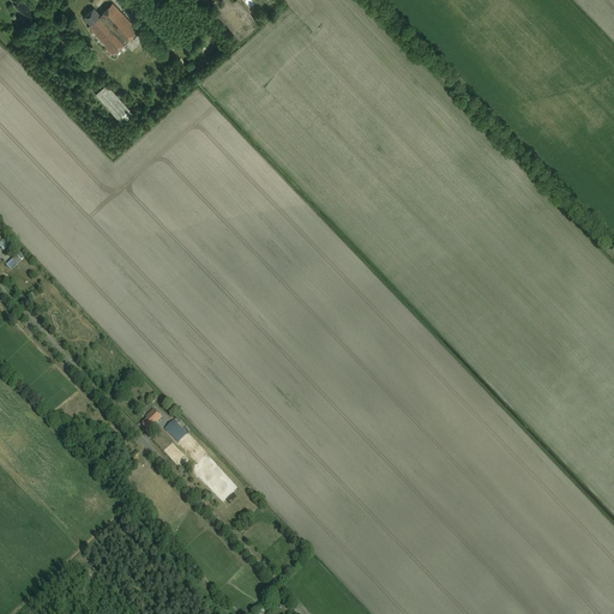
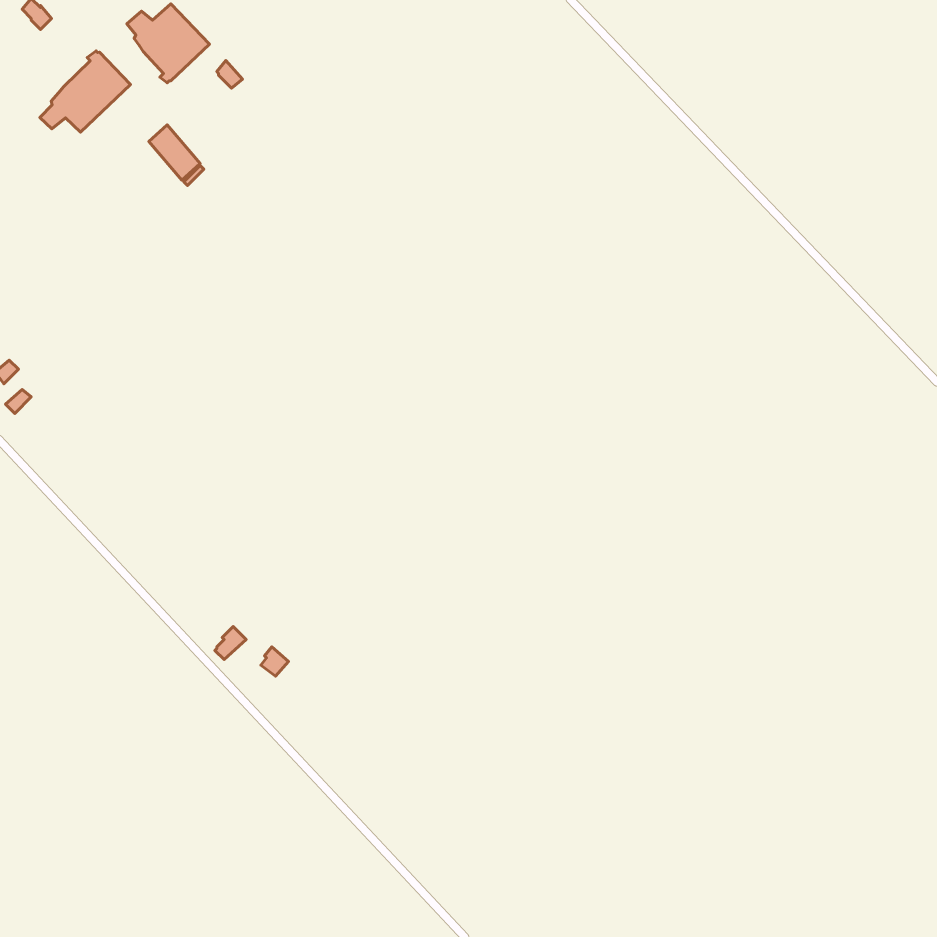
building: none -> [40,51,131,132]

